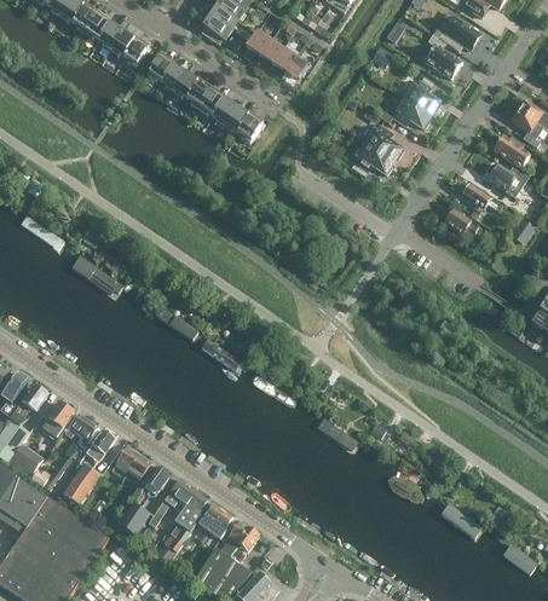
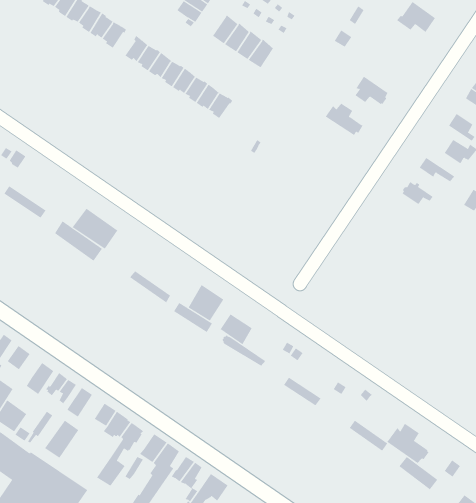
building: [425,35,462,79] -> none
building: [403,81,440,115] -> none
building: [353,140,393,175] -> none
building: none -> [72,208,118,249]
building: none -> [188,284,224,321]
building: none -> [220,314,253,345]
building: none -> [386,423,430,464]

